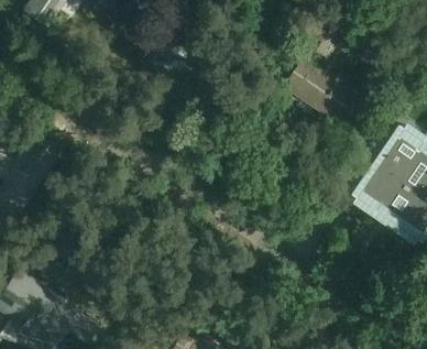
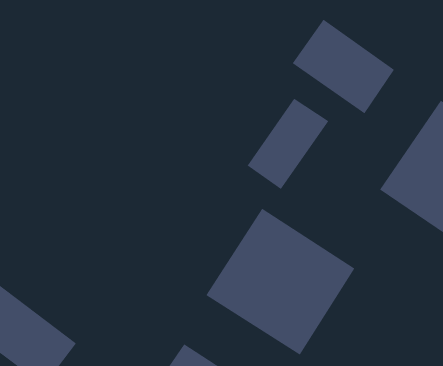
building: none -> [247,98,329,190]
building: none -> [206,208,355,355]

